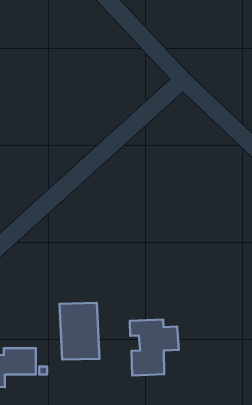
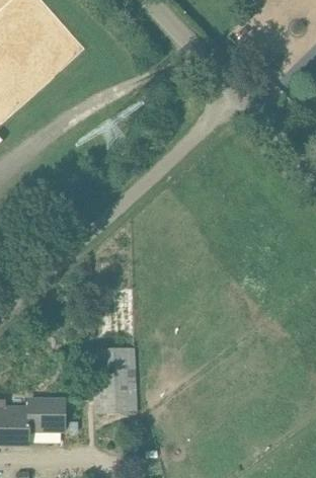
building: [130,320,179,375] -> none

